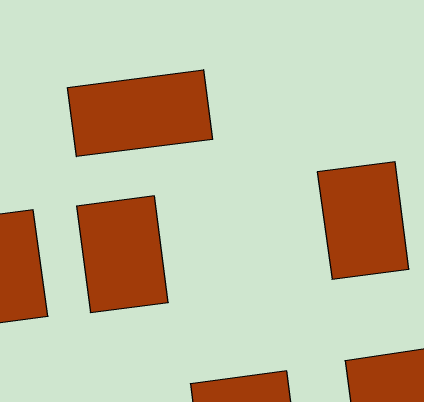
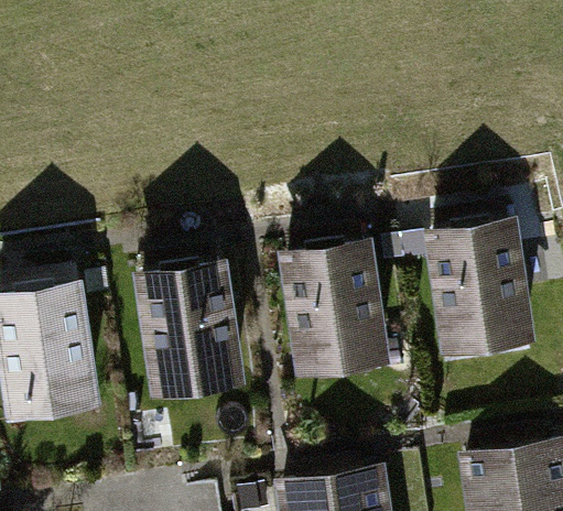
building: [68,70,213,157] -> none
building: none -> [280,240,389,379]

